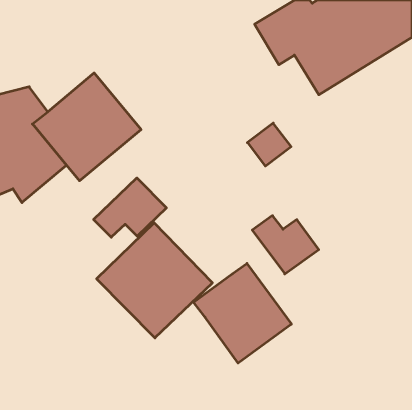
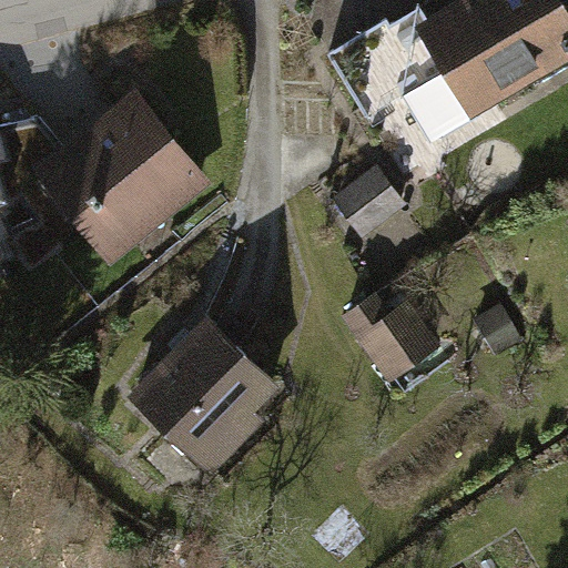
building: [94,178,166,237] -> none
building: [194,263,291,363] -> none

